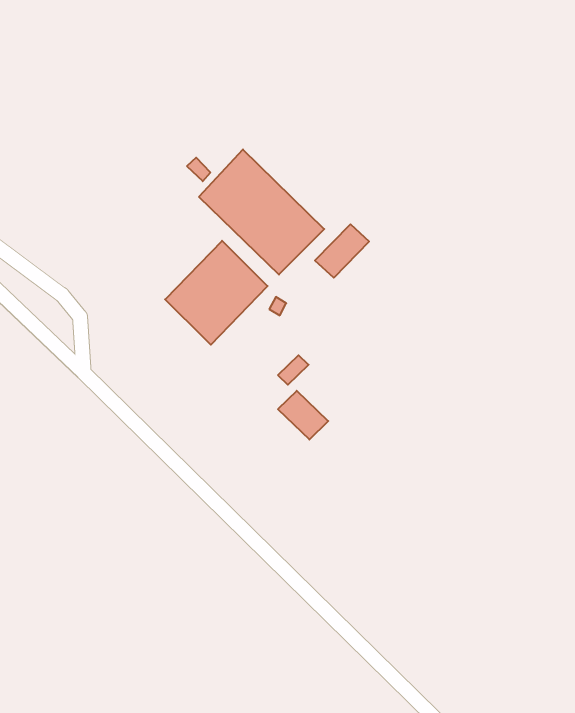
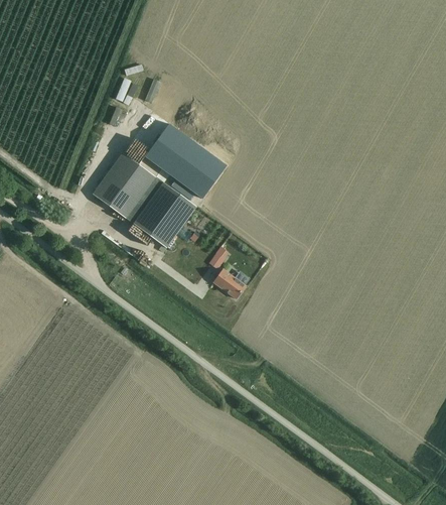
building: none -> [93,153,156,219]
building: [315,224,369,278] -> none

